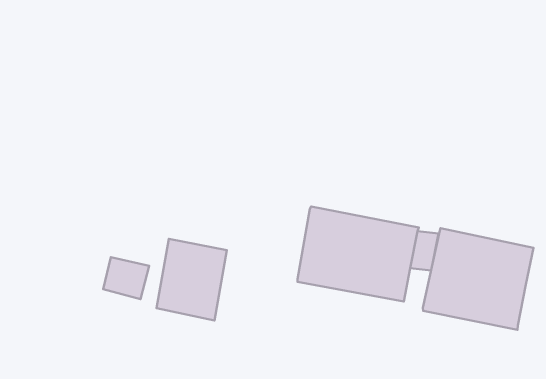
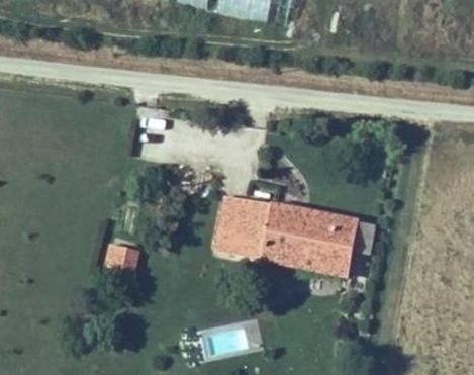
building: [423,228,534,330] -> none
building: [156,239,227,321] -> [212,195,270,262]

